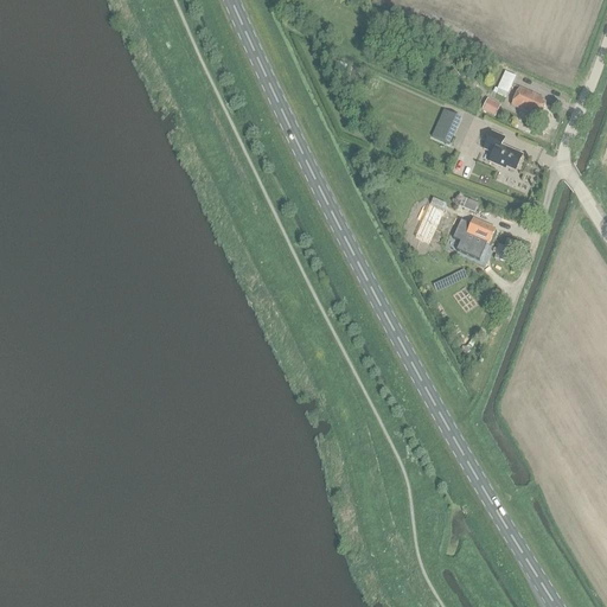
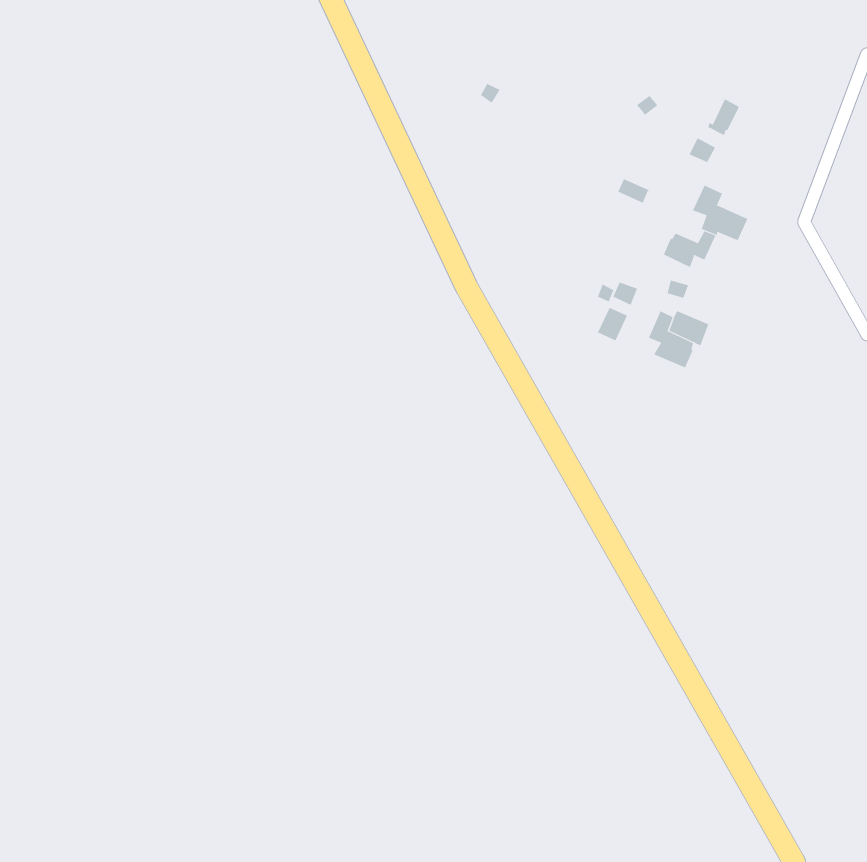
building: [511,85,545,114] -> none
building: none -> [663,230,716,268]

